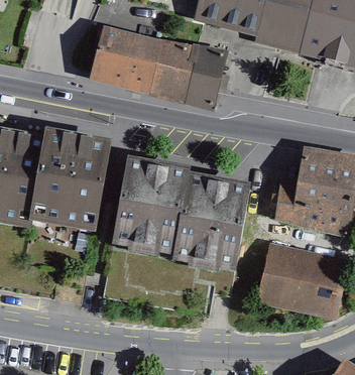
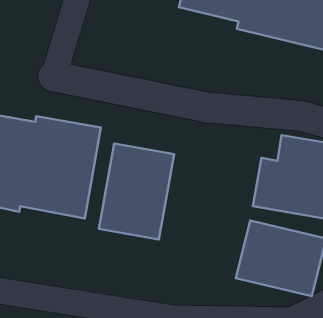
building: [90,21,228,106] -> none
building: [171,177,248,277] -> none

